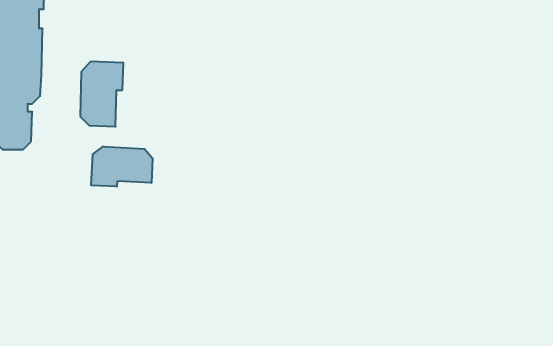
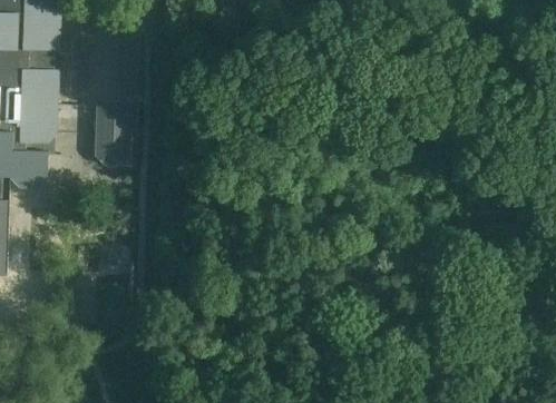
building: [91,146,152,187] -> none

